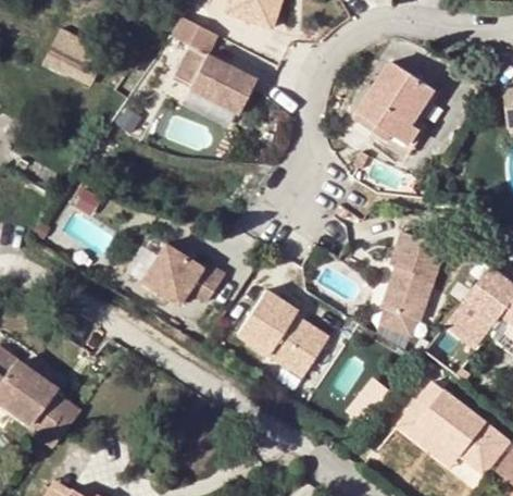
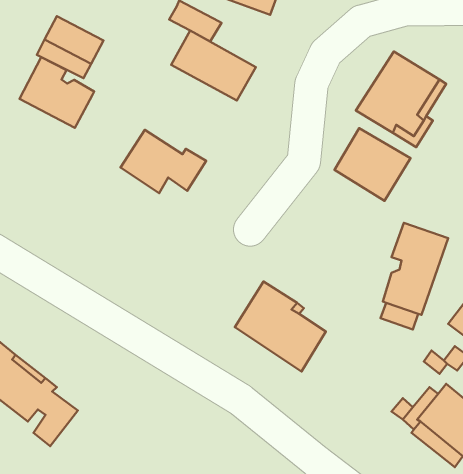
building: none -> [20,57,94,128]
building: none -> [334,128,410,201]
building: [141,240,225,302] -> [120,130,206,193]

